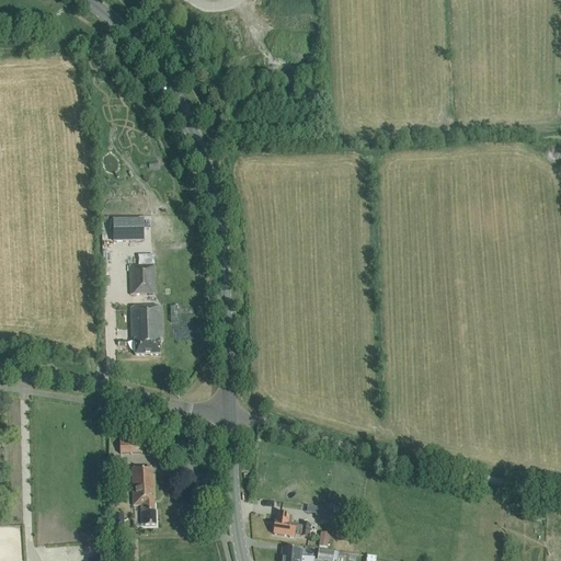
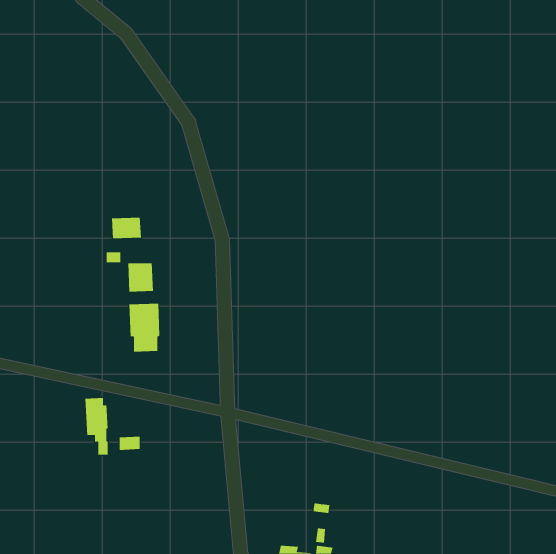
building: [130,466,154,524] -> [84,397,108,455]
building: [273,513,310,536] -> none

